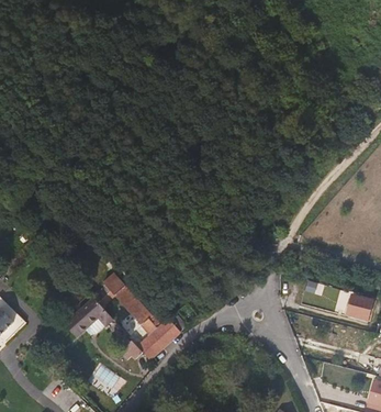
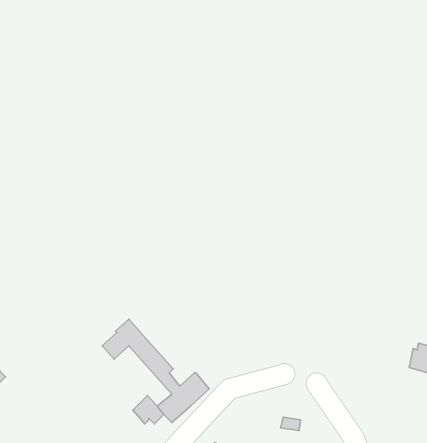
building: [65,297,113,336] -> none

